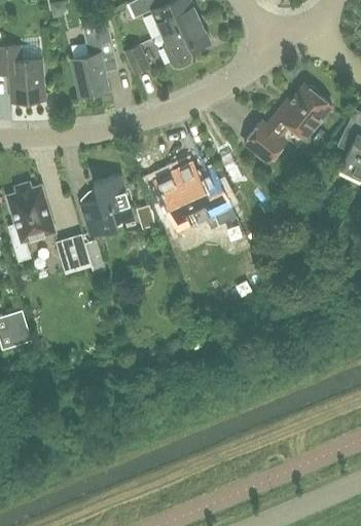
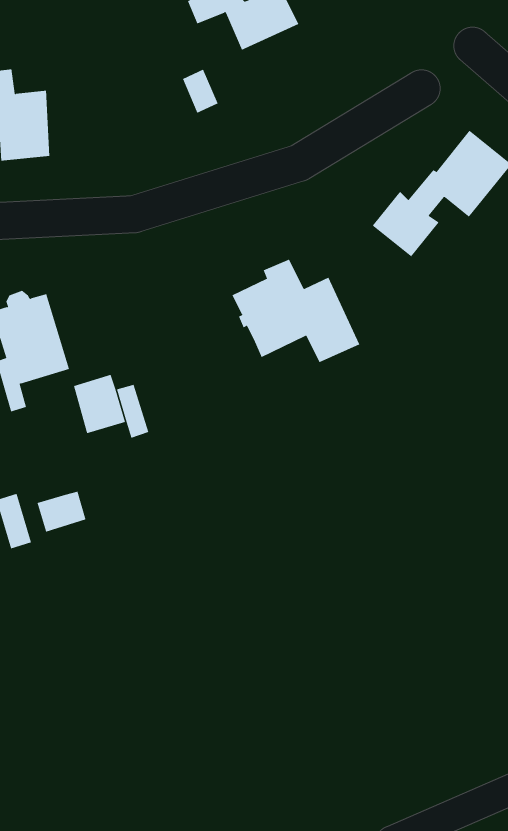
building: [163,17,210,64] -> none
building: [71,20,114,97] -> none
building: [80,175,134,235] -> none
building: none -> [37,491,86,533]

